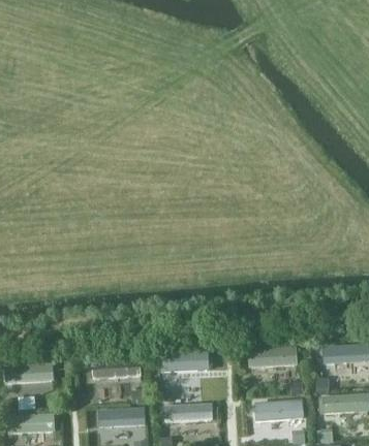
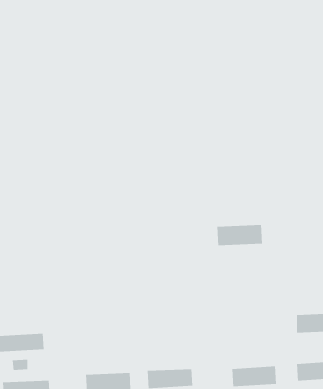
building: [247,344,297,367] -> [217,224,263,246]
building: [158,351,208,372] -> none
building: [92,358,141,378] -> none

